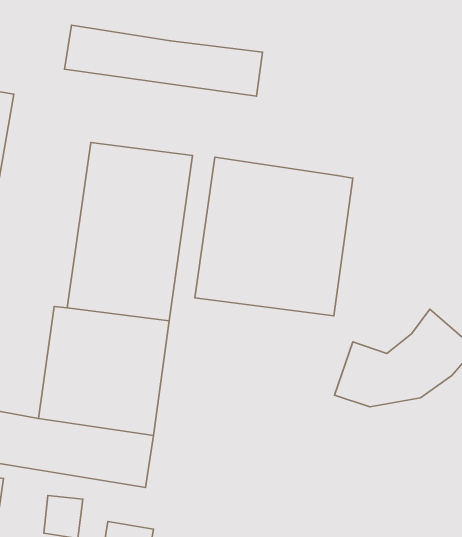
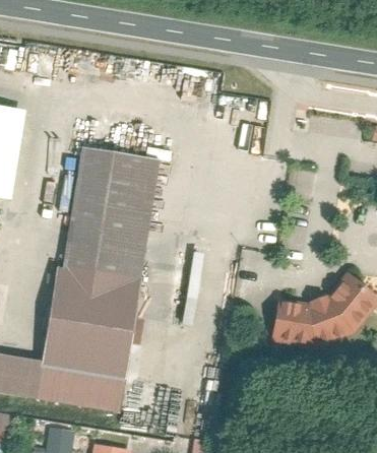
building: [65,25,262,96] -> none
building: [195,157,353,316] -> none

